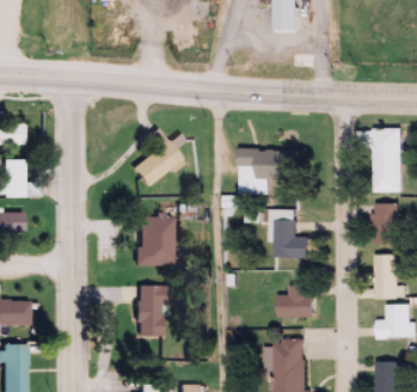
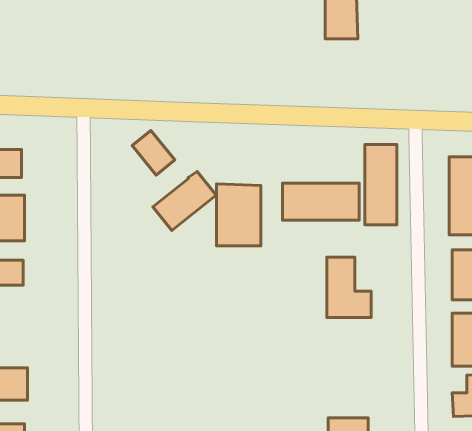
building: none -> [132,130,175,175]
building: none -> [365,144,397,225]
building: [139,215,174,265] -> [217,184,261,246]
building: [276,272,306,317] -> none
building: [137,286,164,335] -> none

